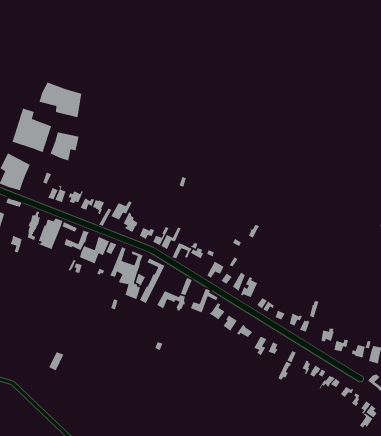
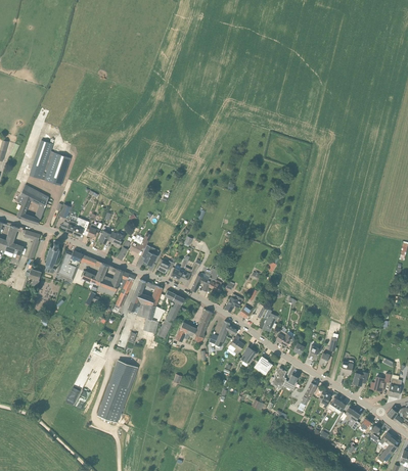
building: [38,81,82,118] -> none
building: [50,131,80,161] -> none
building: none -> [98,359,138,422]

